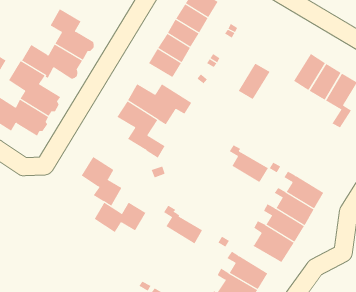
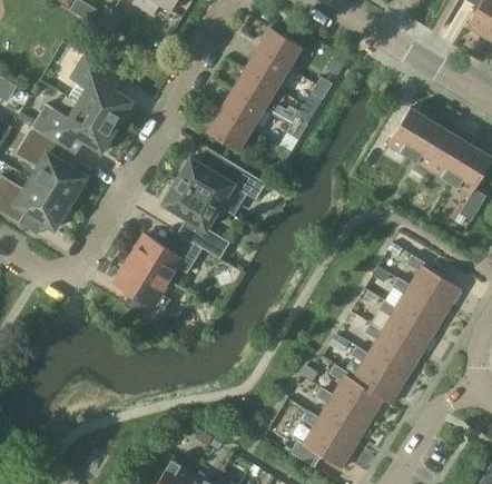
building: [238,63,270,100] -> [384,105,429,155]
building: [229,145,269,183] -> [405,255,460,307]
building: [94,202,147,233] -> [131,234,204,276]
building: [163,205,203,244] -> [327,364,382,417]

